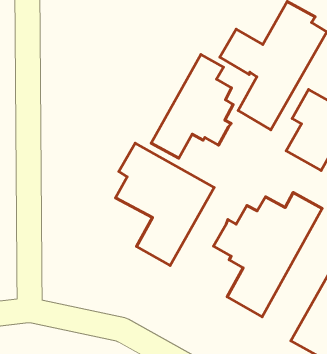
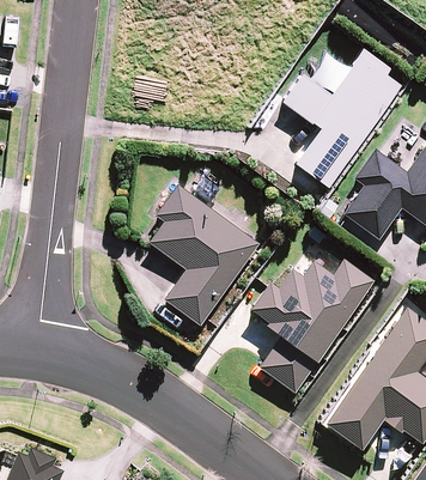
building: [151,54,233,158] -> none

